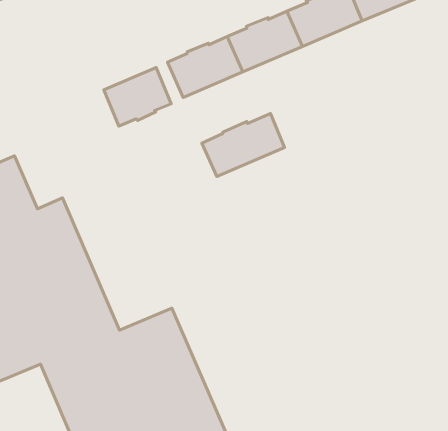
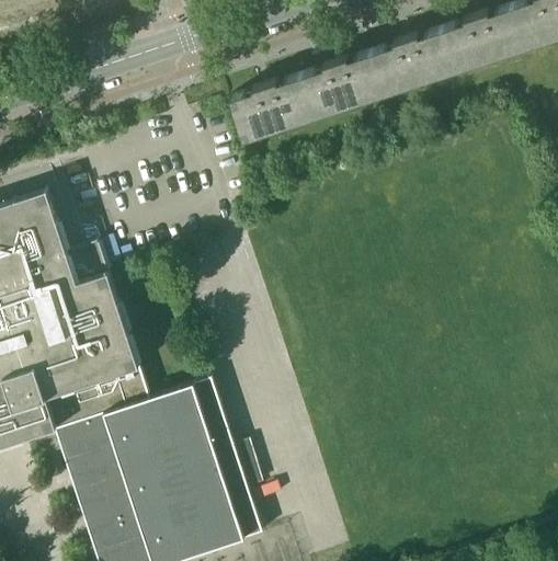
building: [104,68,171,126] -> none
building: [202,113,285,176] -> none

